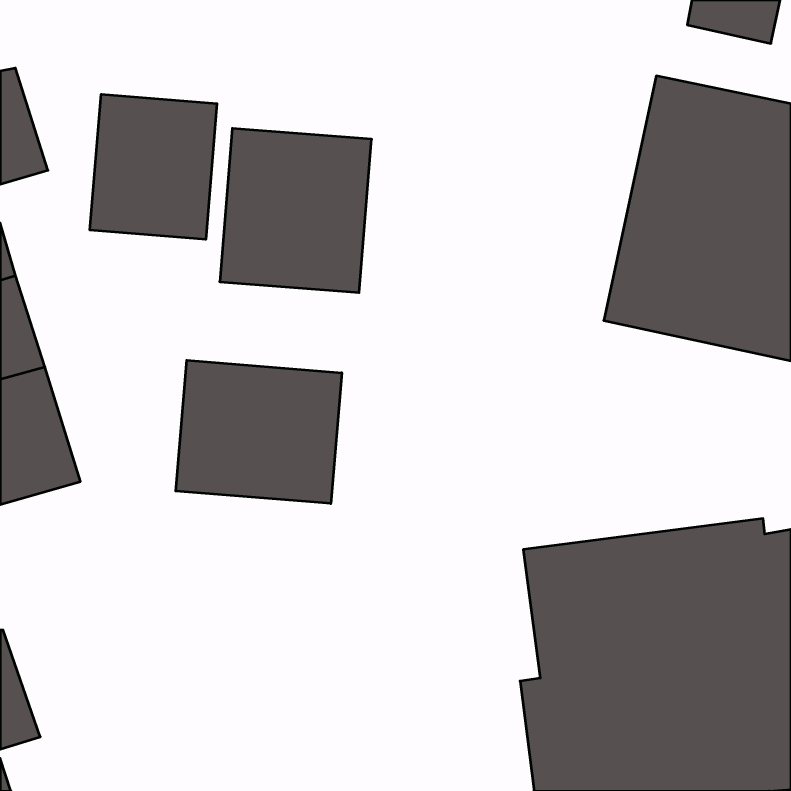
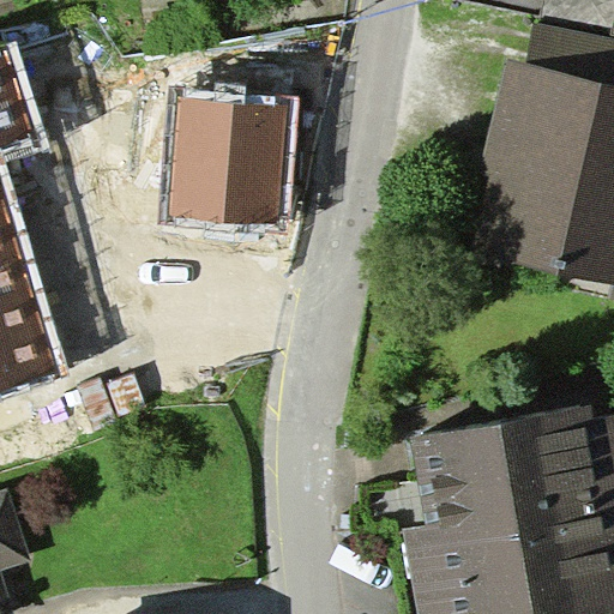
building: [90,94,217,239] -> none
building: [176,360,342,504] -> none

